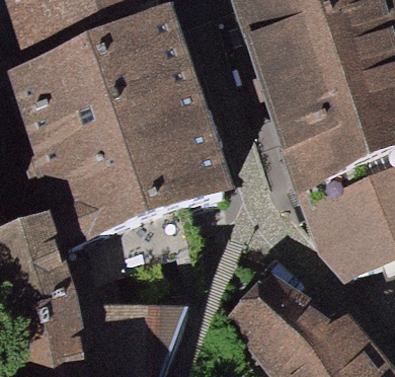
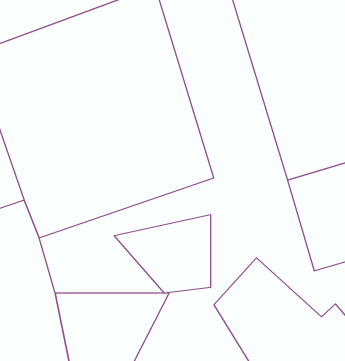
building: none -> [114,215,211,293]

